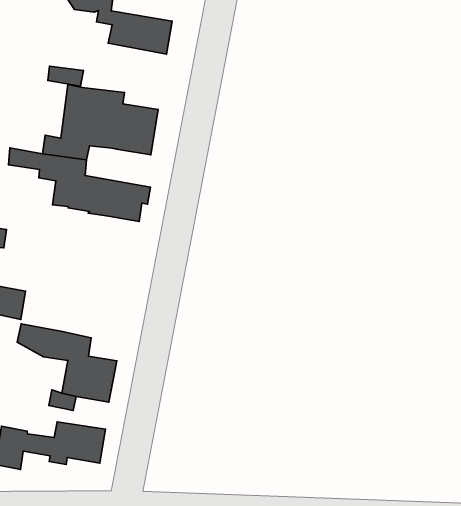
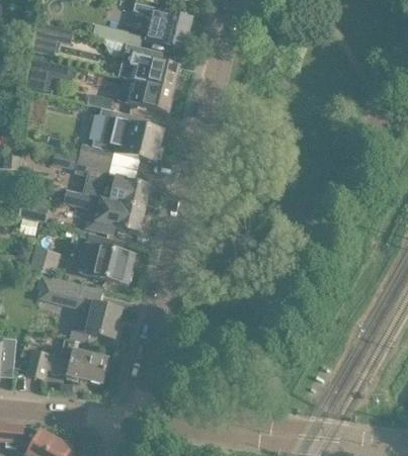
building: none -> [116,79,173,112]
building: none -> [64,188,144,233]
building: none -> [79,234,133,283]

